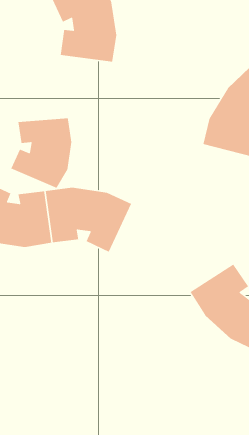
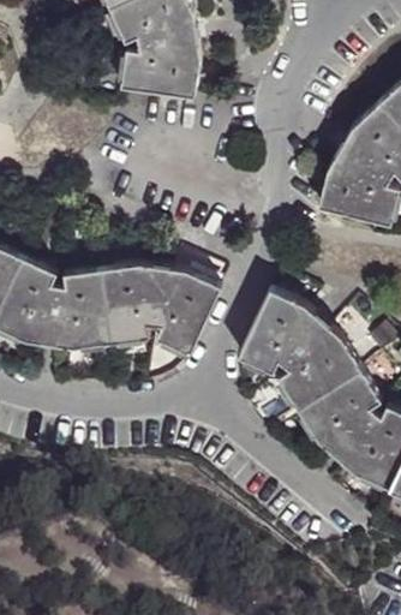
building: [10,118,72,189] -> none
building: none -> [239,291,358,408]

